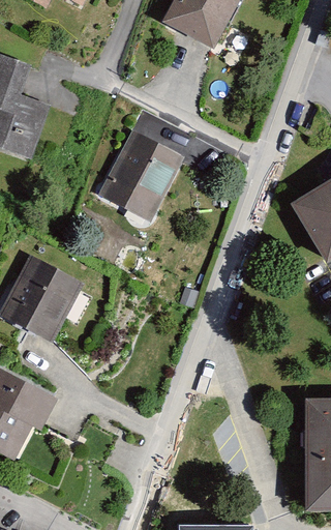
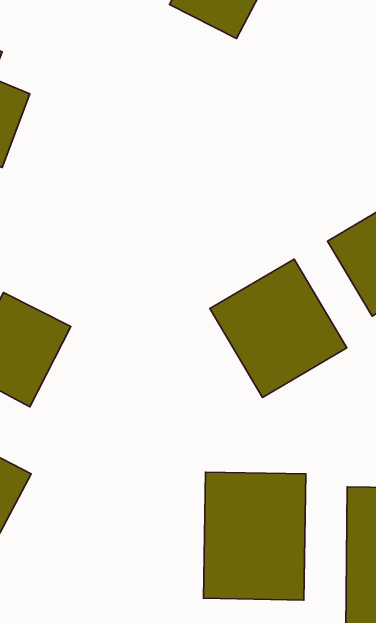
building: [96,122,182,213] -> none
building: none -> [210,259,347,397]
building: none -> [204,472,306,600]

